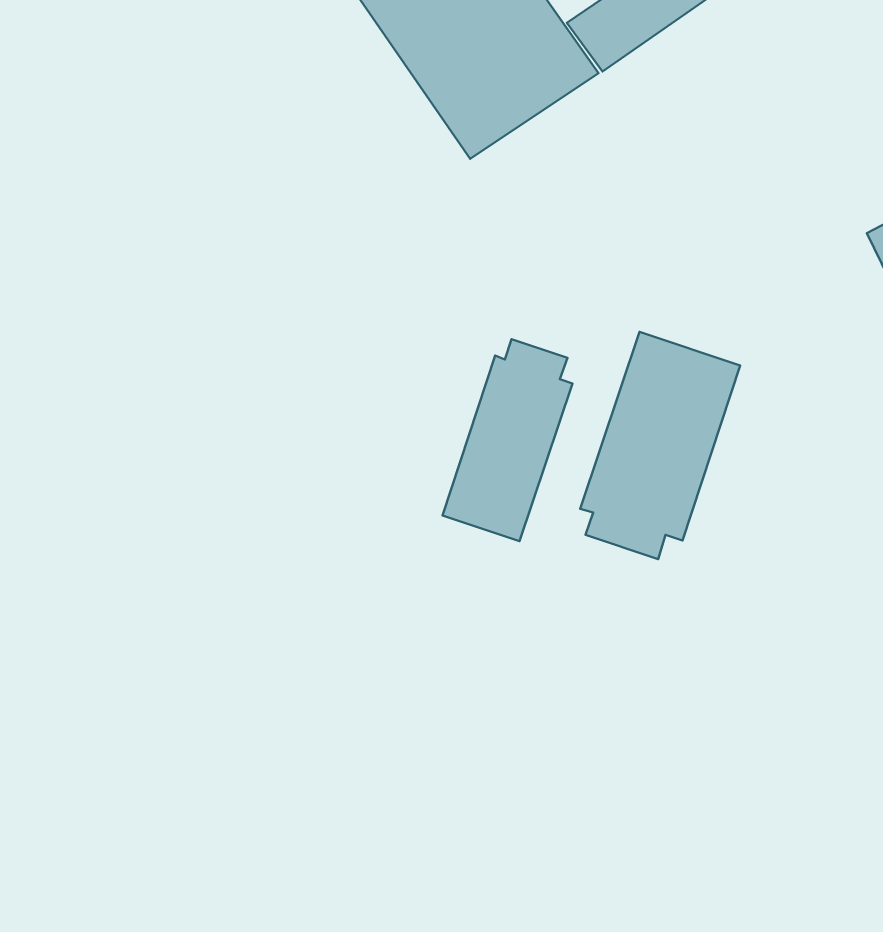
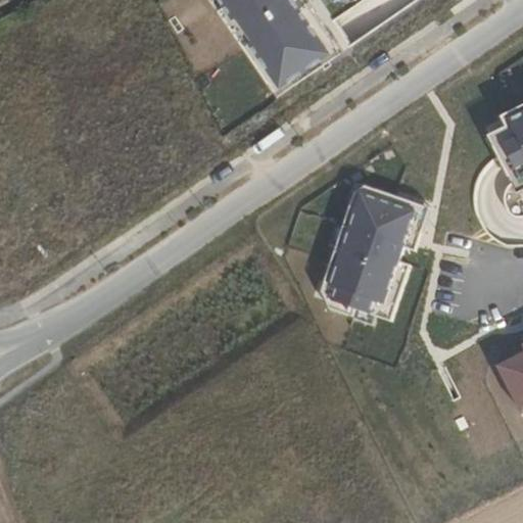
building: [442,339,573,541] -> none

